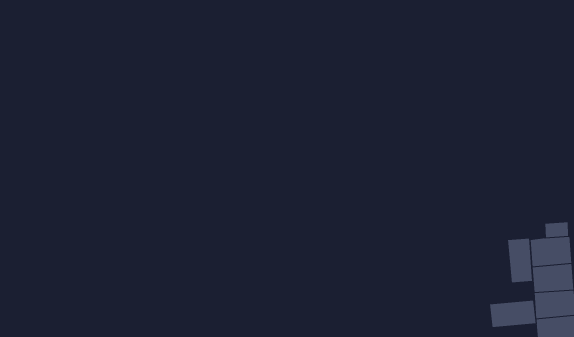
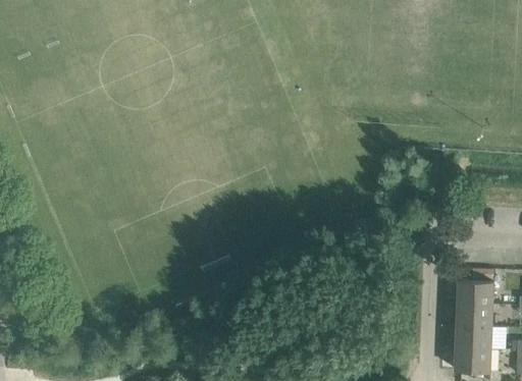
building: [508,238,532,283] -> none
building: [490,300,536,328] -> none

